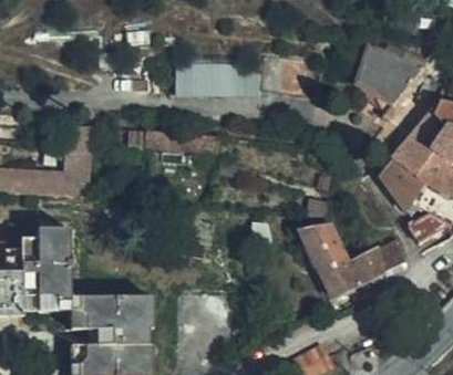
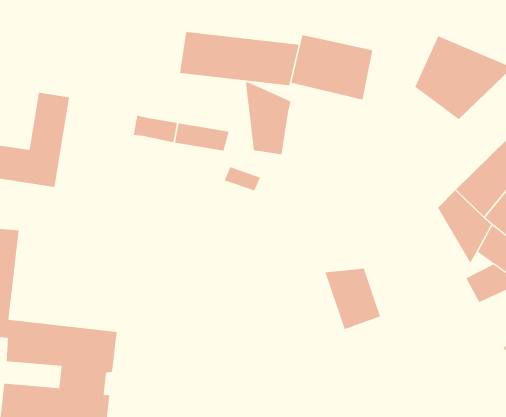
building: none -> [245,81,291,155]
building: [322,237,408,298] -> none

